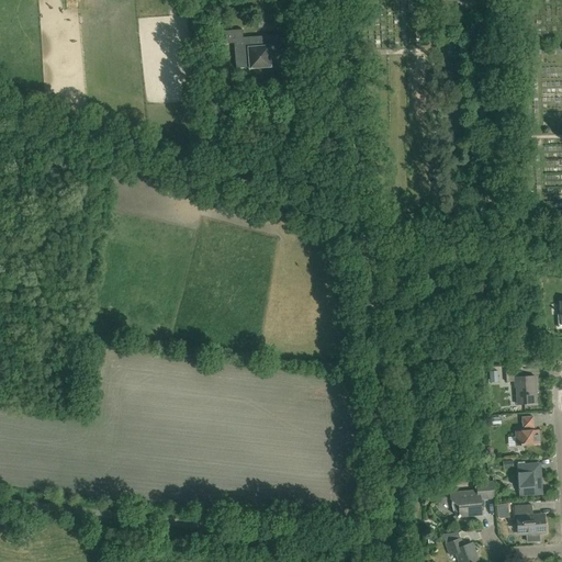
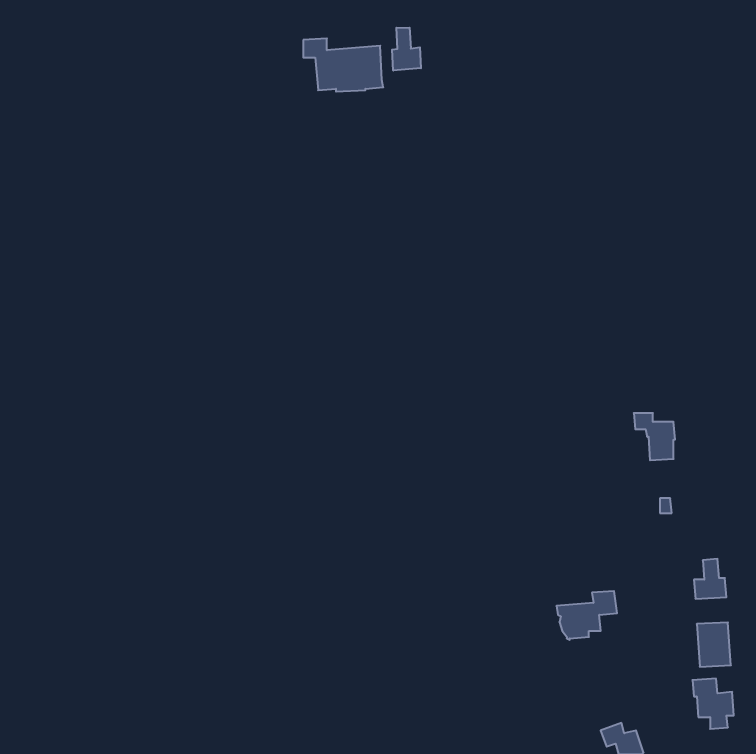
building: none -> [392,28,421,71]
building: [505,369,536,404] -> [634,413,675,460]
building: [449,481,494,517] -> [556,591,617,640]

